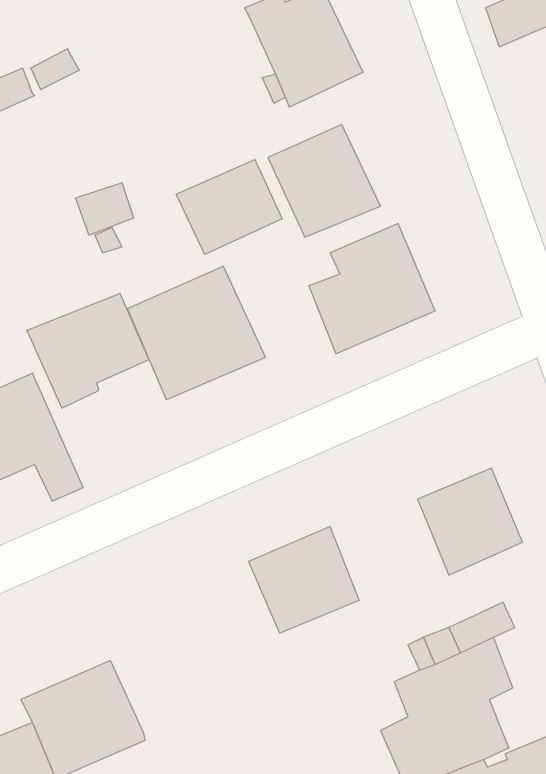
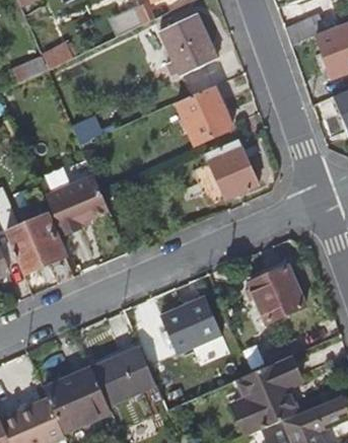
building: [176,159,282,254] -> none
building: [128,266,265,400] -> none
building: none -> [88,345,155,404]

